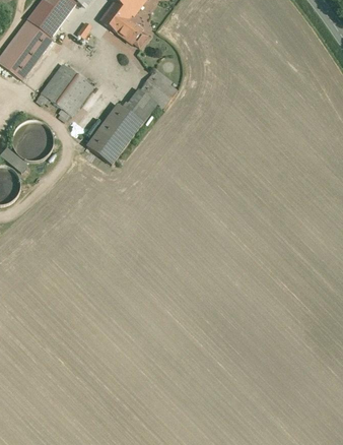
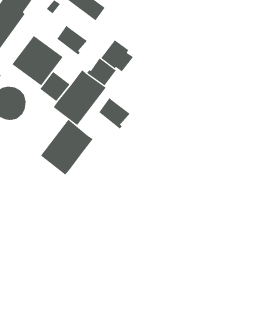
building: none -> [57,25,88,56]
building: none -> [99,97,131,129]
building: none -> [40,119,93,176]

